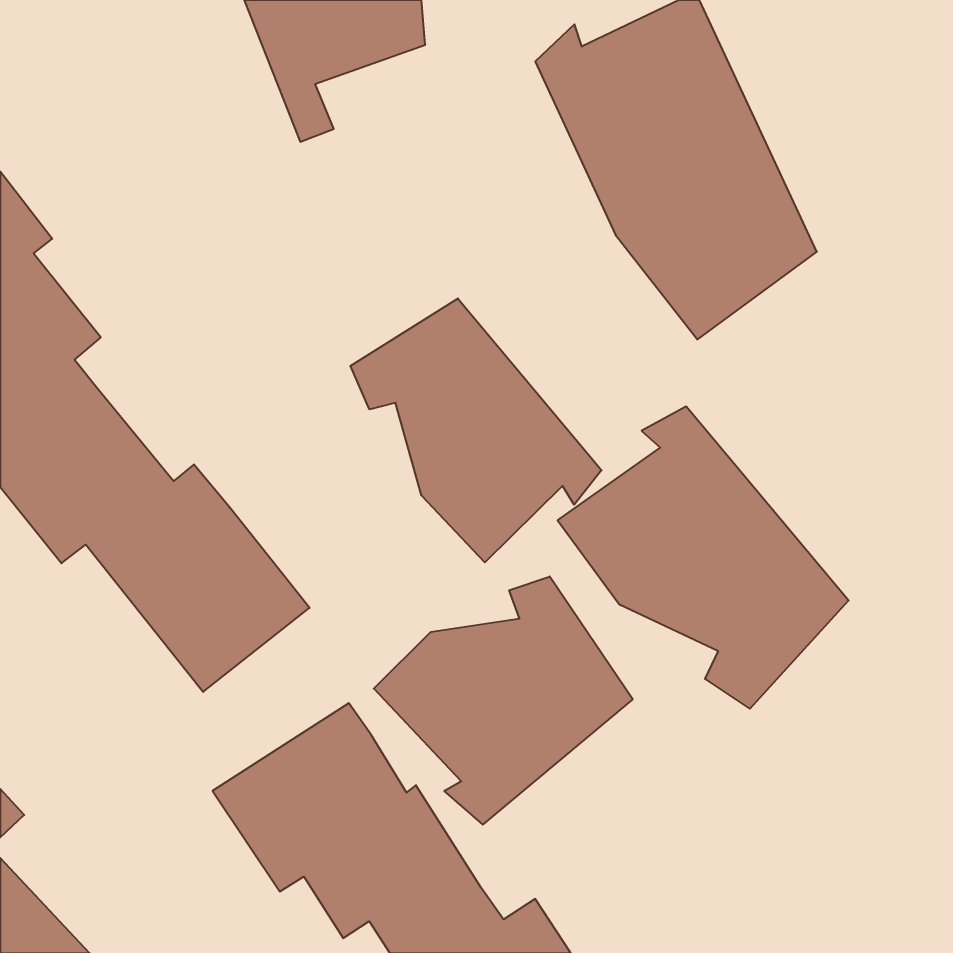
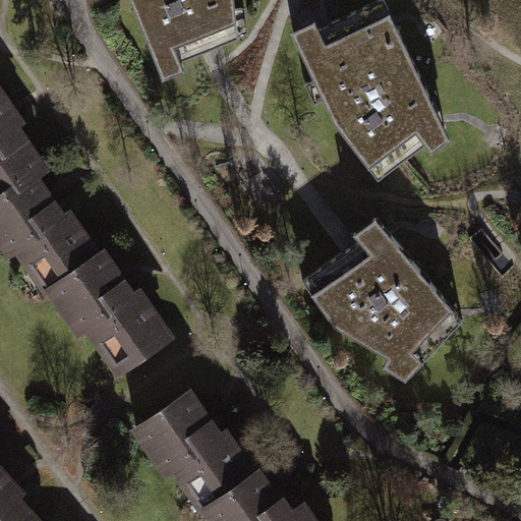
building: [350,298,602,562] -> none
building: [374,576,633,825] -> none

